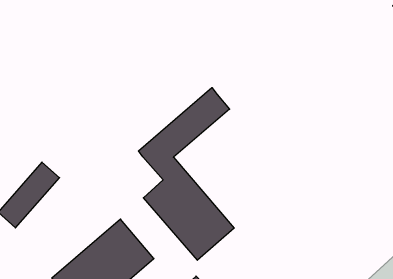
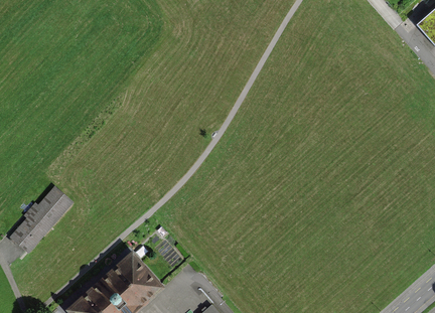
building: [138,88,234,260] -> none

